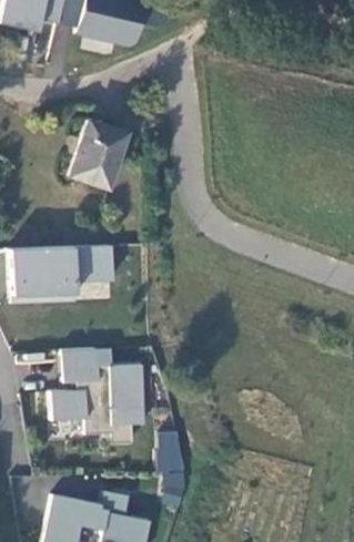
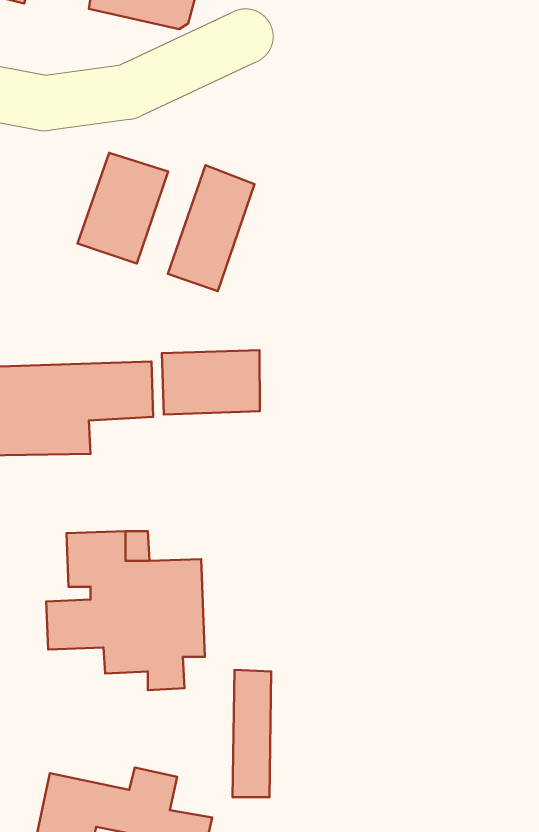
building: none -> [168,165,254,291]
building: none -> [162,350,260,414]

